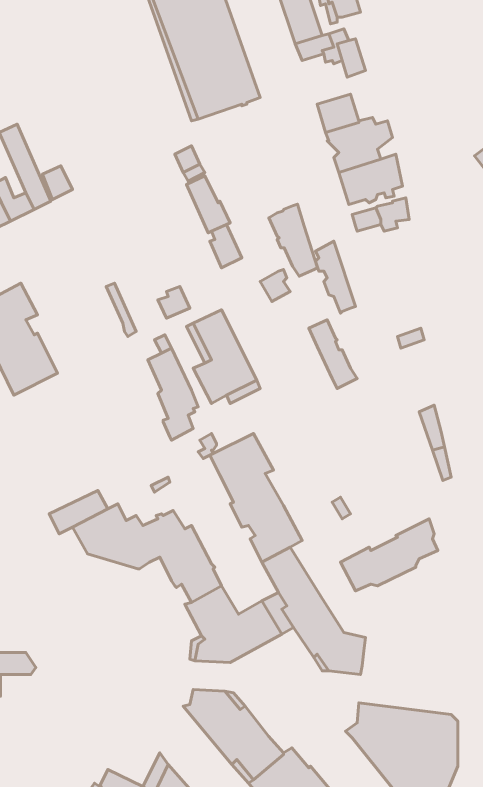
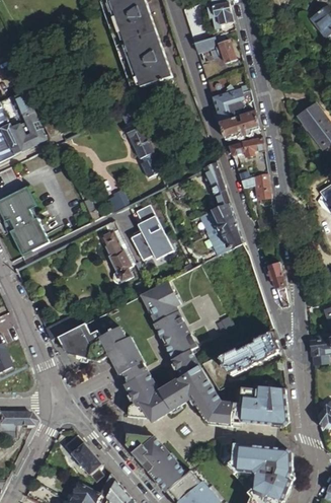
building: [269,204,318,276] -> [213,203,242,246]
building: none -> [239,173,268,200]
building: none -> [234,386,288,427]
building: none -> [66,435,104,483]

